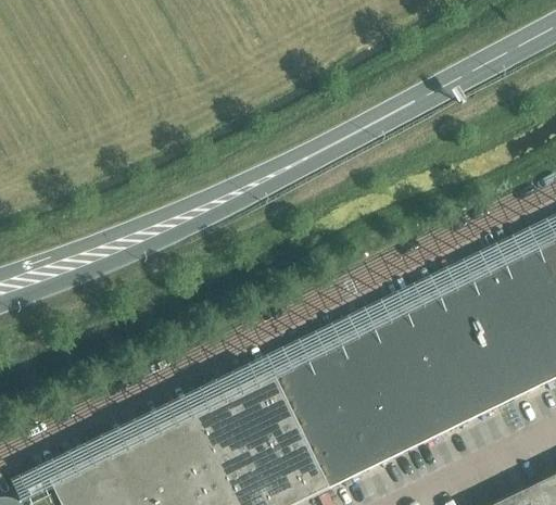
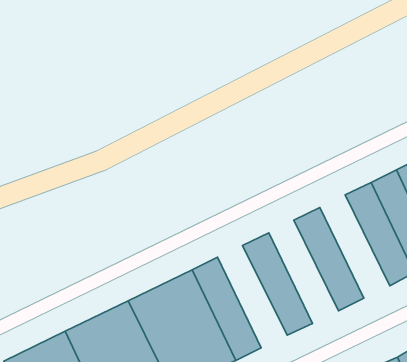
building: [434,273,525,406] -> none
building: [368,305,458,439] -> none
building: [302,338,392,470] -> none

